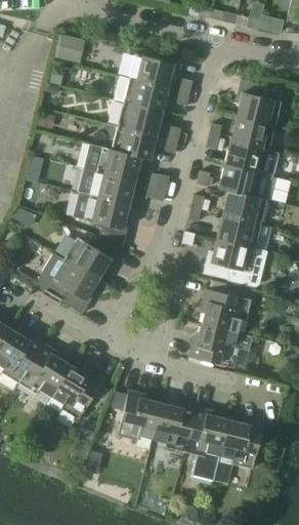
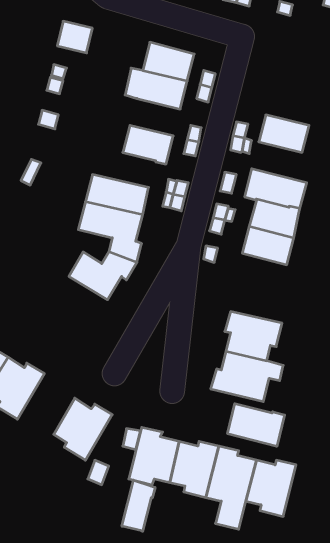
building: [238,80,282,126] -> none
building: [119,103,163,135] -> none
building: [225,140,280,176] -> none
building: [86,145,141,180] -> none
building: [204,238,268,288] -> none
building: [40,252,99,314] -> none
building: [20,344,71,397] -> none
building: none -> [228,404,285,446]
building: none -> [122,480,155,531]

